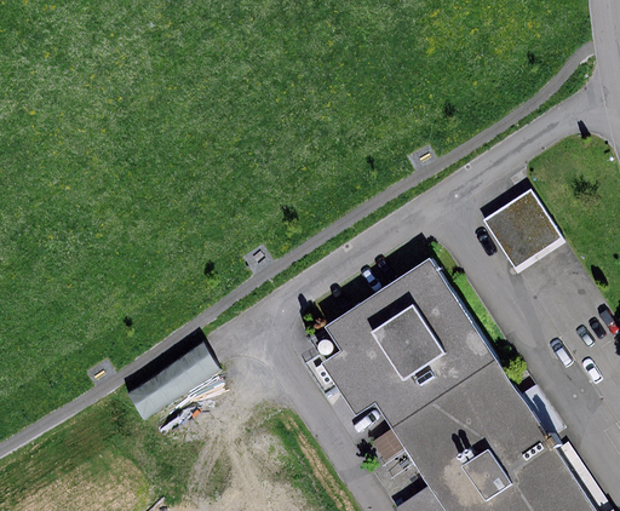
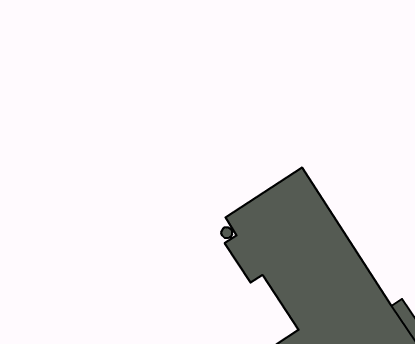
building: [488,194,566,270] -> none

